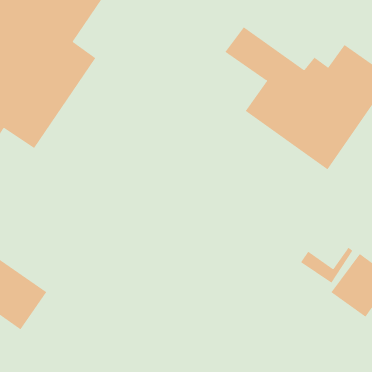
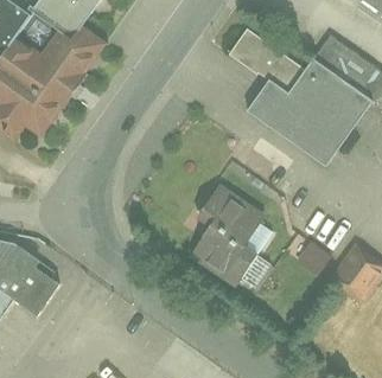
building: none -> [190,181,266,281]

